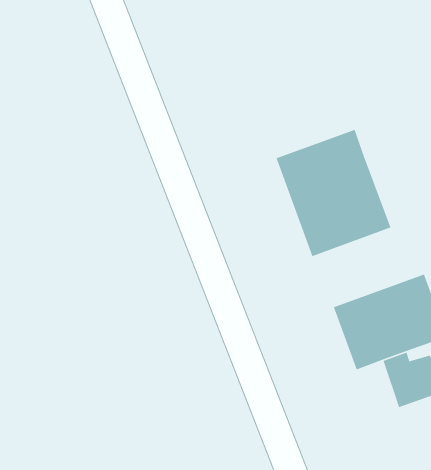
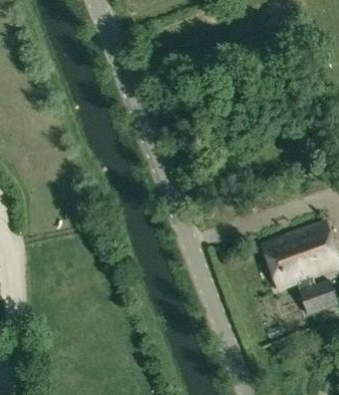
building: [275,129,392,257] -> none

